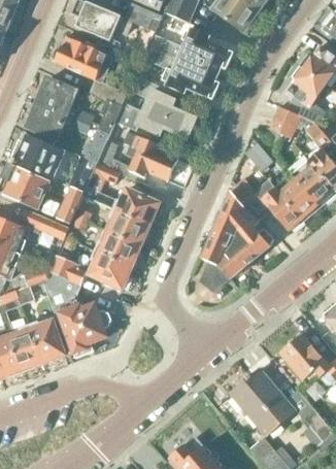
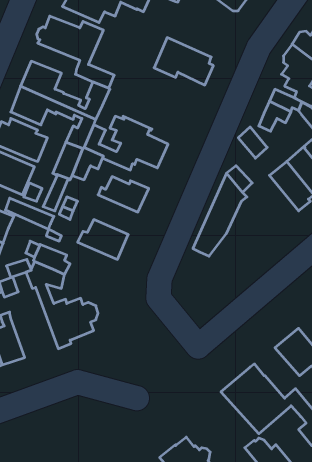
building: [149,26,235,74] -> none
building: [115,74,195,130] -> none
building: [262,188,303,231] -> none
building: [106,206,149,244] -> none
building: [197,208,274,296] -> none
building: [88,252,130,291] -> none
building: [28,322,63,362] -> none

